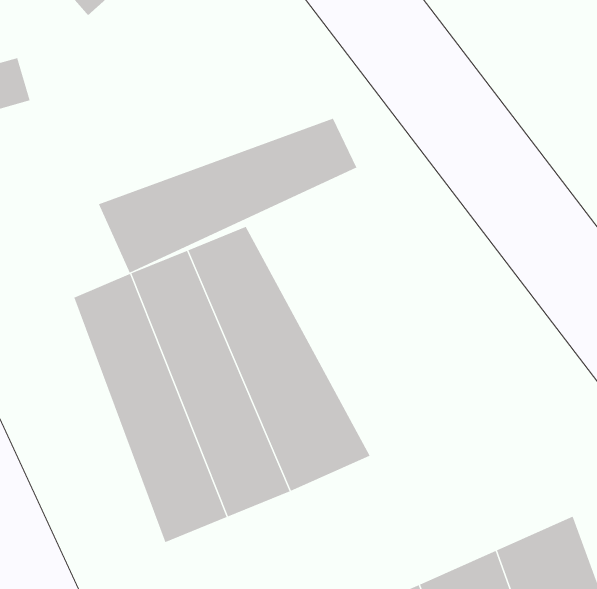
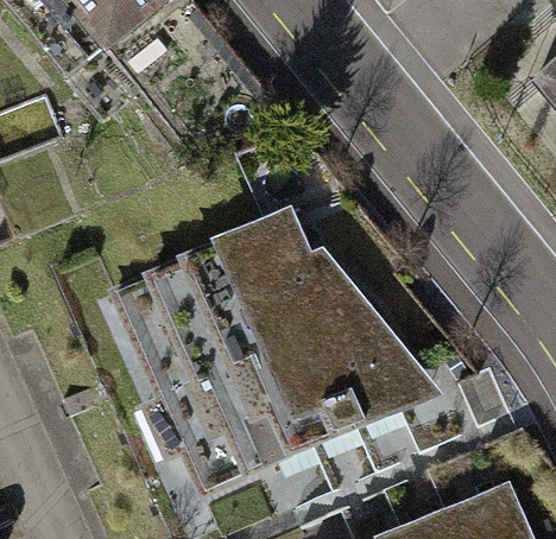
building: [98,118,357,274] -> none
building: none -> [246,213,436,424]

